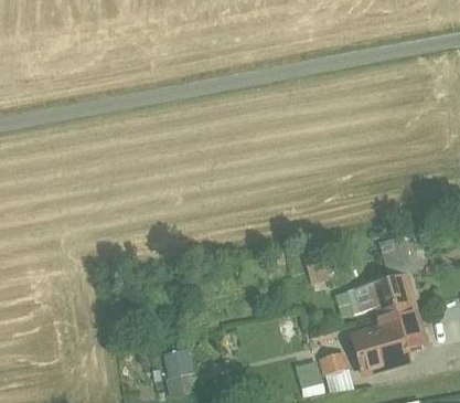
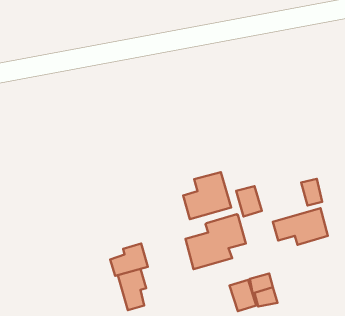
building: none -> [183,172,231,219]
building: [352,306,425,372] -> [185,214,246,269]
building: none -> [110,244,148,276]

